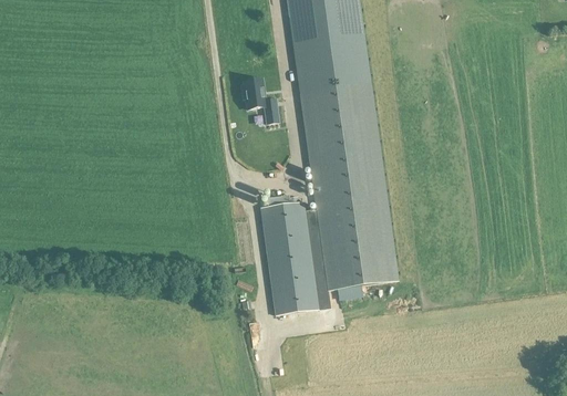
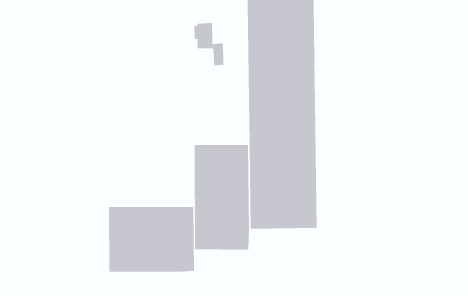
building: none -> [109,206,195,272]

